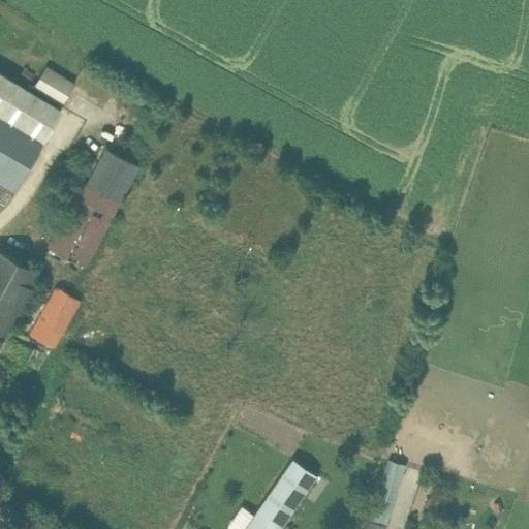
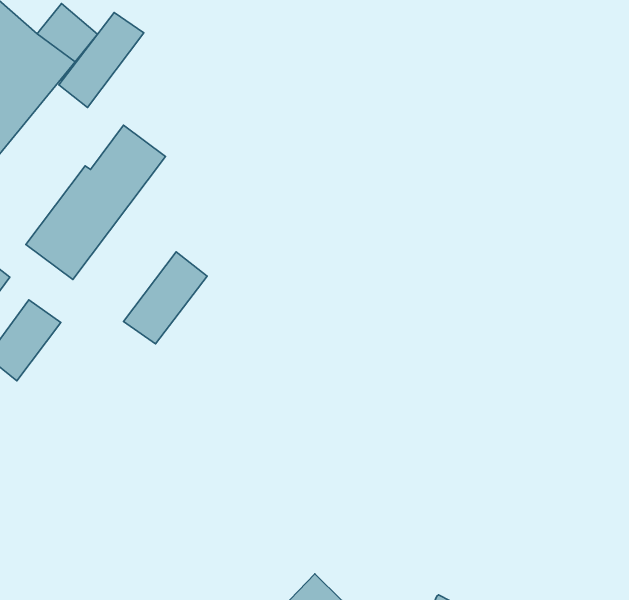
building: none -> [59,12,144,108]
building: none -> [124,252,207,344]

